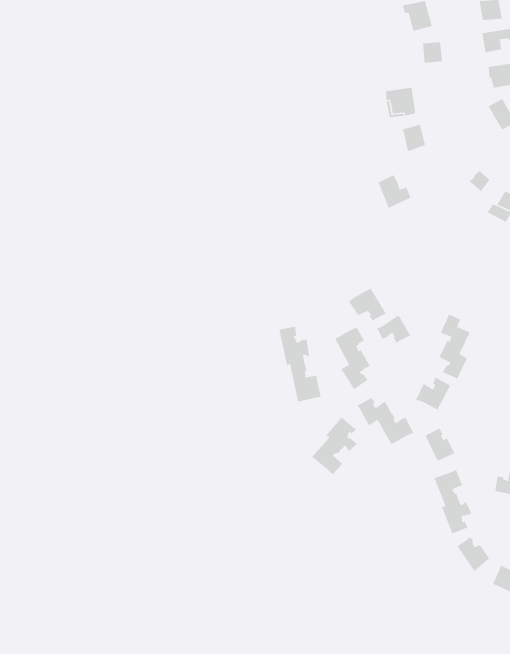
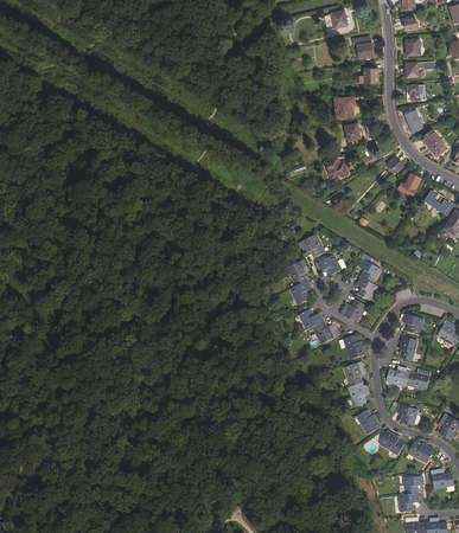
building: [279,326,321,402] -> none
building: [311,416,358,475] -> none

